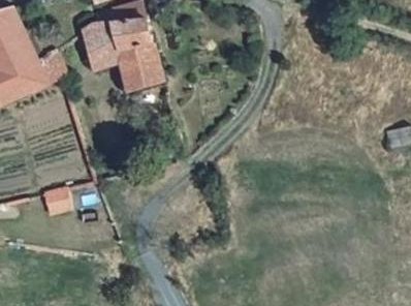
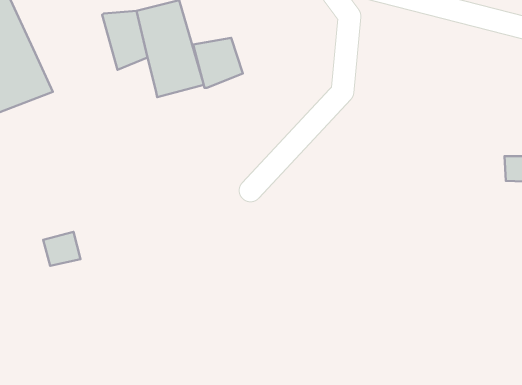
building: none -> [193,38,243,88]

